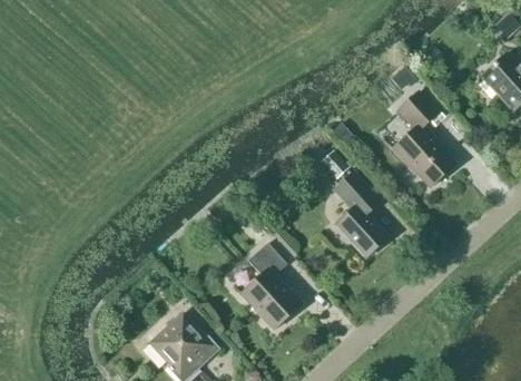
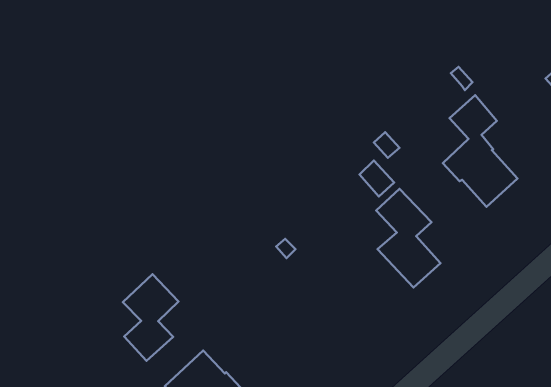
building: [239,244,301,331] -> none
building: none -> [123,274,178,361]

